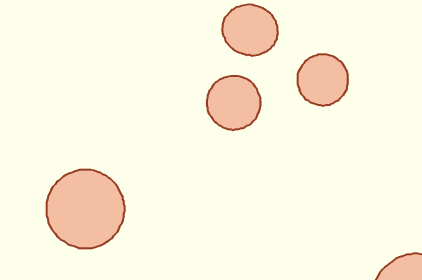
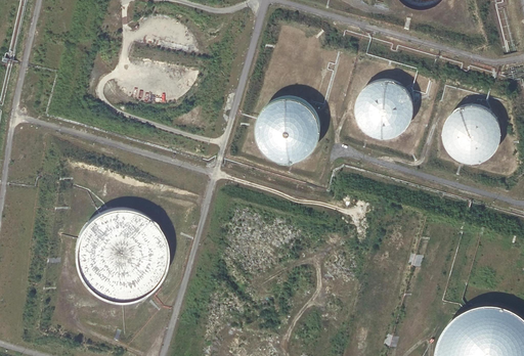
building: [222,4,277,56] -> none
building: none -> [439,99,496,157]

